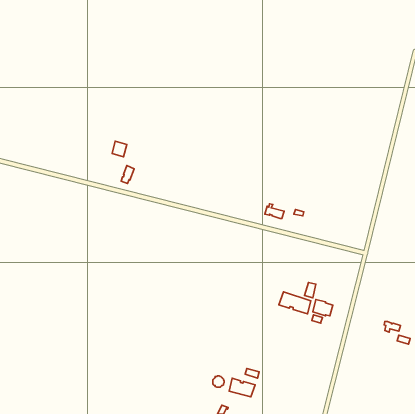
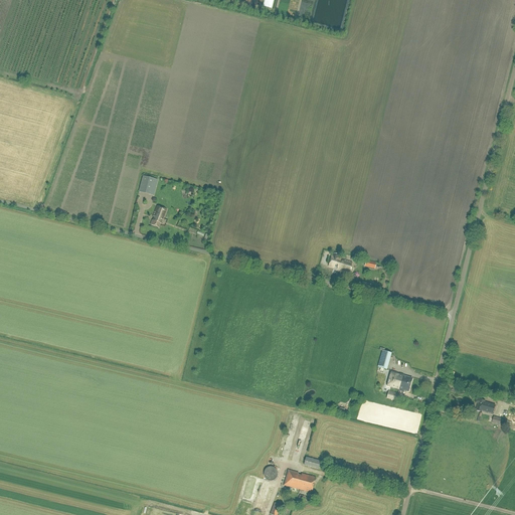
building: [279,292,311,314] -> none

